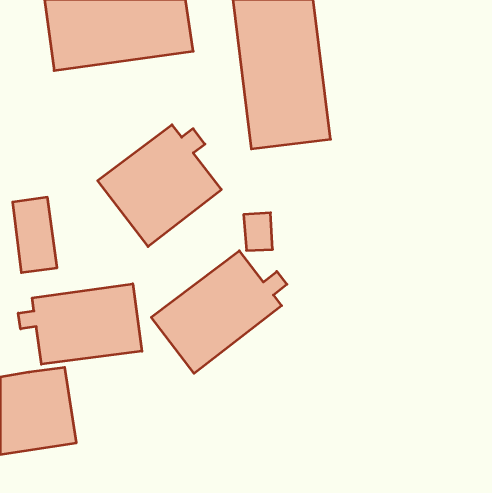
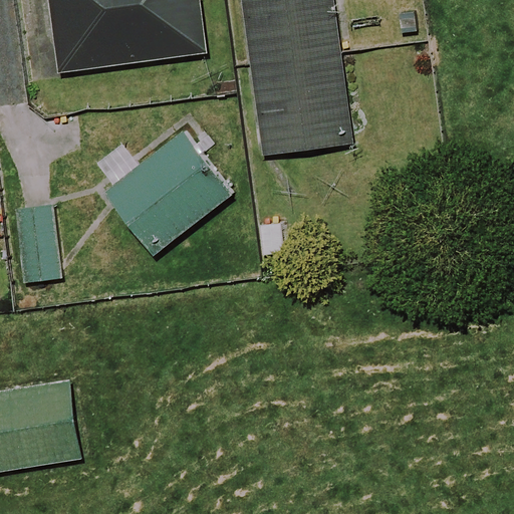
building: [151,251,287,373] -> none
building: [18,284,142,364] -> none

